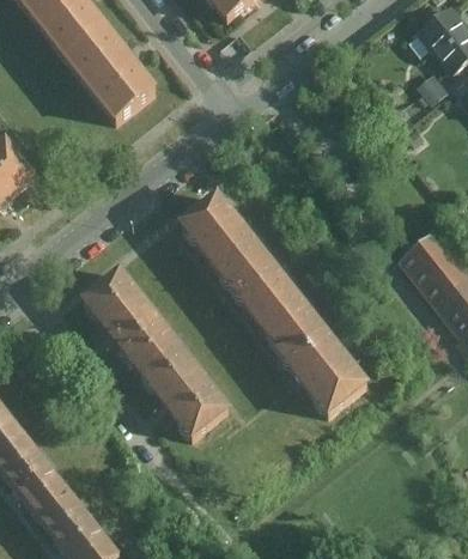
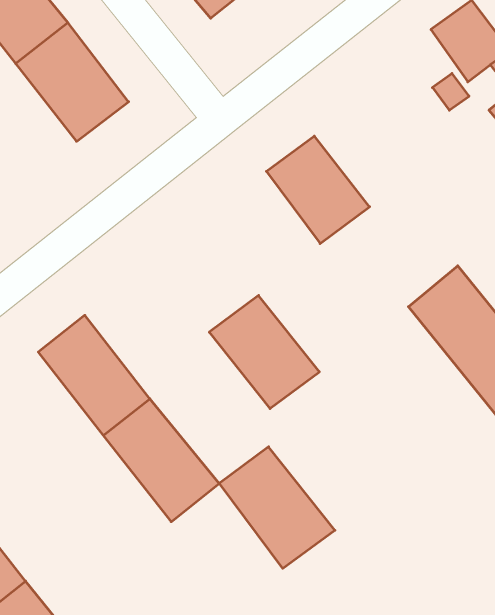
building: [178,190,266,281] -> [266,136,370,244]
building: [275,315,373,418] -> [219,447,335,568]

